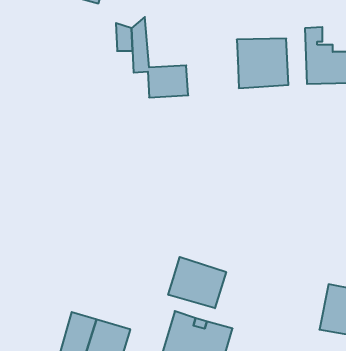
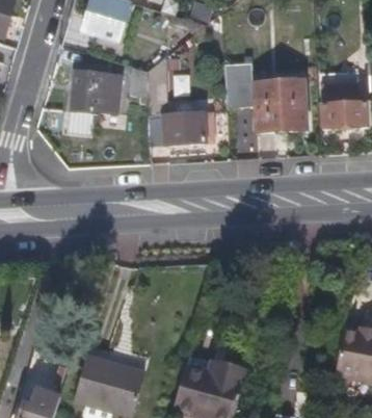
building: none -> [222,60,254,103]
building: none -> [72,72,118,112]
building: [168,257,226,308] -> none

